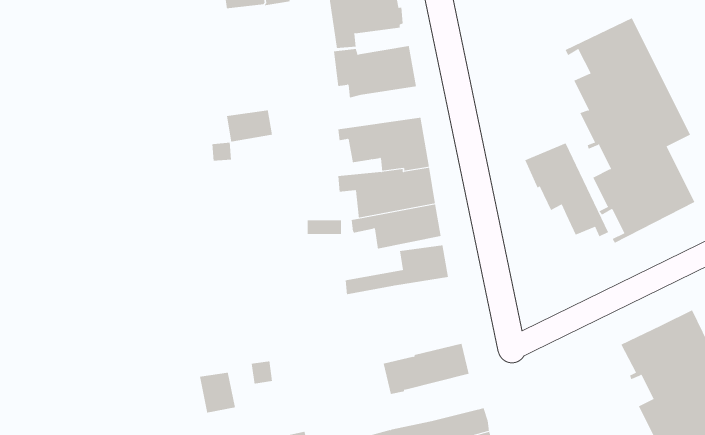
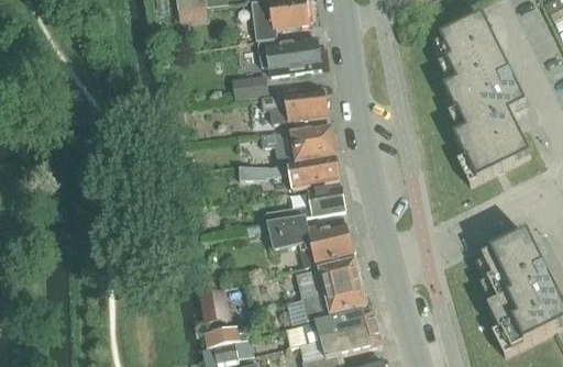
building: [226,110,273,142] -> [233,75,268,99]
building: [524,143,609,237] -> none
building: none -> [268,216,354,267]
building: [199,372,236,413] -> [201,290,229,321]
building: none -> [301,282,366,321]

